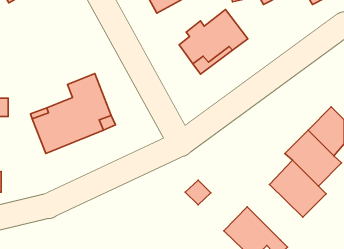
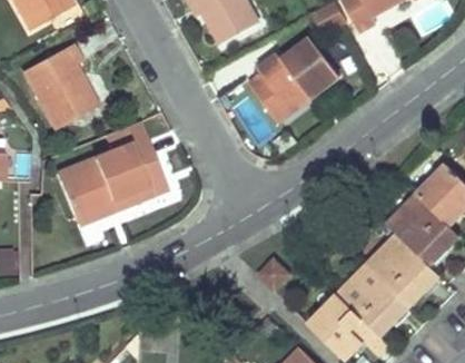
building: none -> [24,43,97,128]
building: none -> [337,264,409,336]

